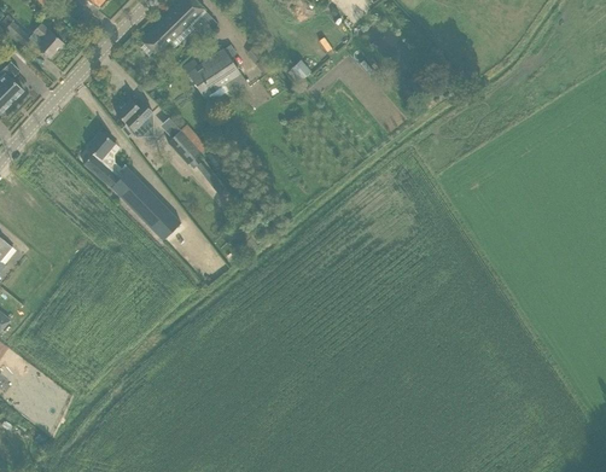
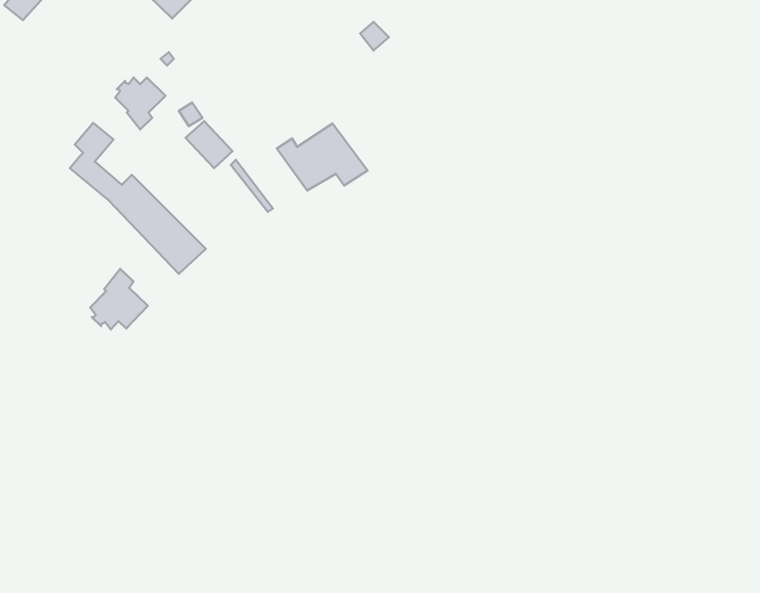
building: [182,48,247,97] -> [277,123,368,191]
building: none -> [90,269,148,329]

